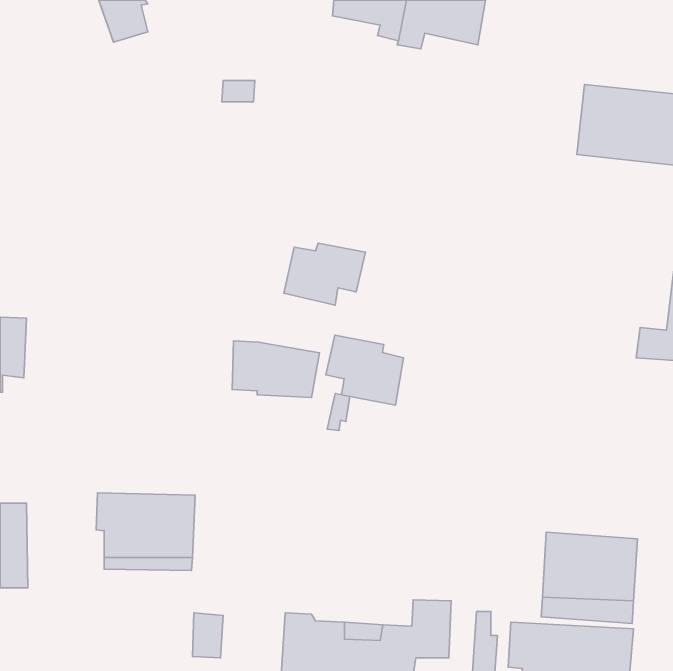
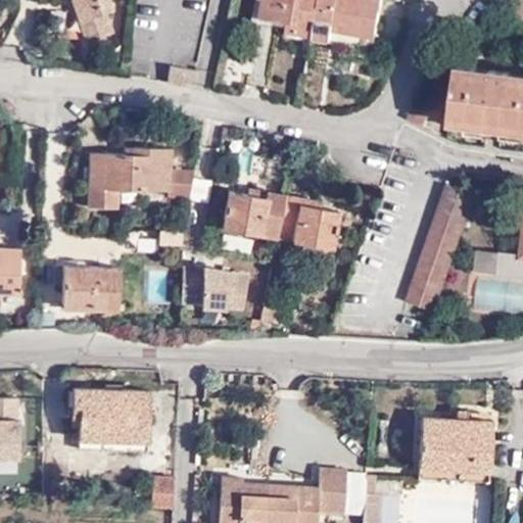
building: none -> [93,151,195,211]
building: none -> [403,187,469,313]
building: [326,335,404,405] -> [277,198,337,252]
building: none -> [66,267,121,311]

